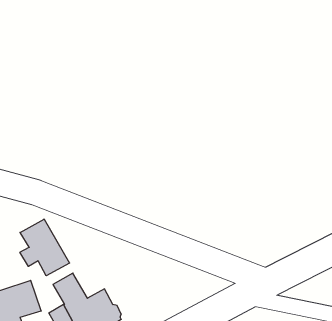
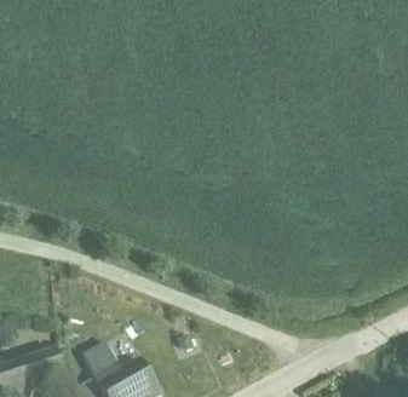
building: [20,219,70,276] -> none

